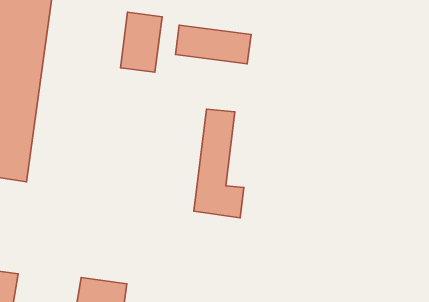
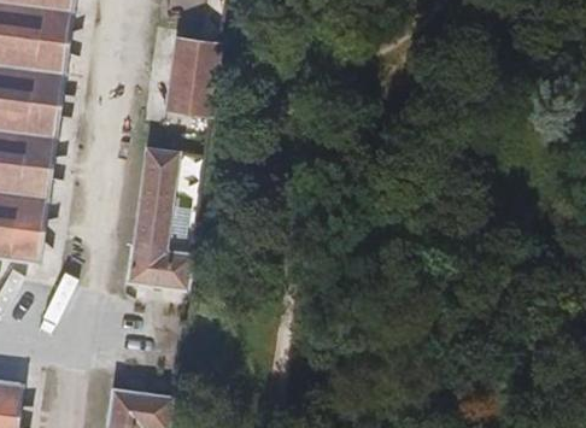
building: [175,25,251,64] -> none
building: [194,109,244,218] -> [124,149,191,293]

